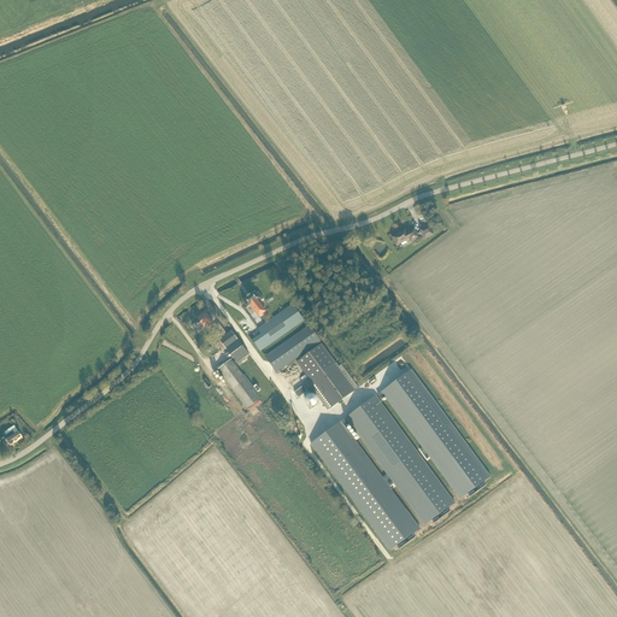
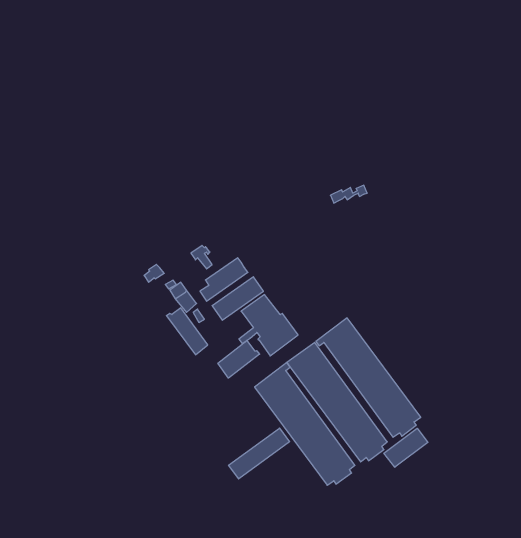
building: none -> [218,340,260,378]
building: none -> [229,428,290,479]
building: none -> [384,428,428,467]

